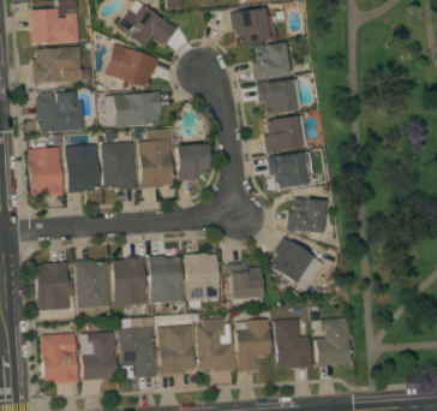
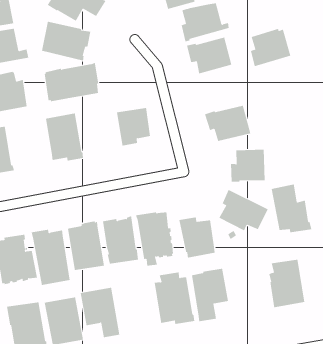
building: [264,114,306,151] -> [250,28,291,67]
building: [138,127,173,187] -> none
building: [65,143,98,192] -> none
building: [274,317,312,368] -> [271,184,312,233]
building: [157,324,194,376] -> none

